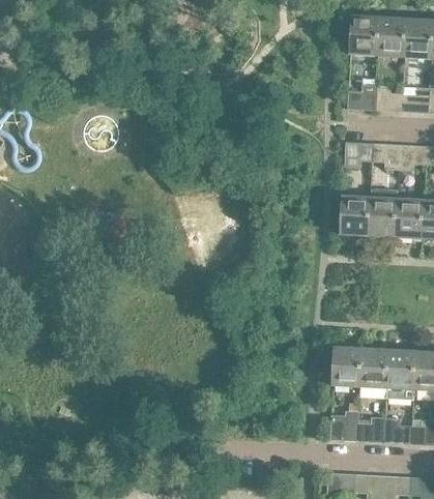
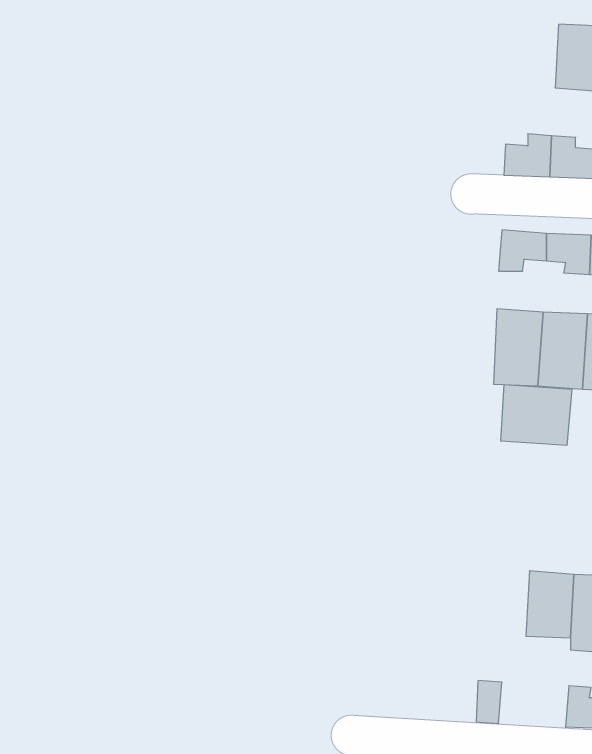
building: [348,16,378,56] -> none
building: none -> [501,385,572,445]
building: [331,346,360,387] -> none
building: [356,415,384,442] -> none

